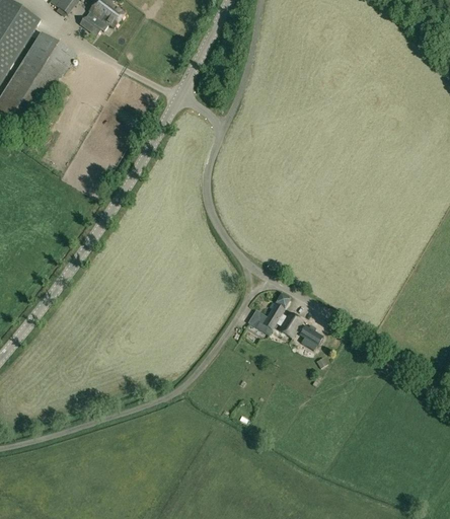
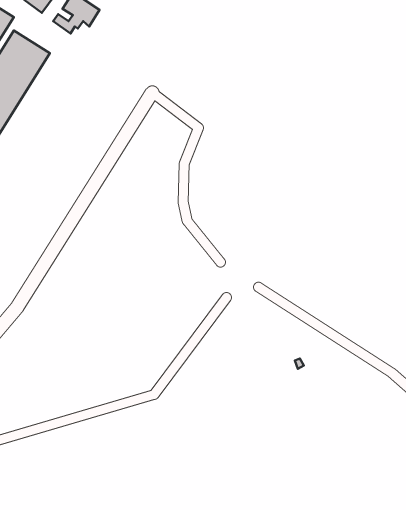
building: [248,302,322,349] -> none

